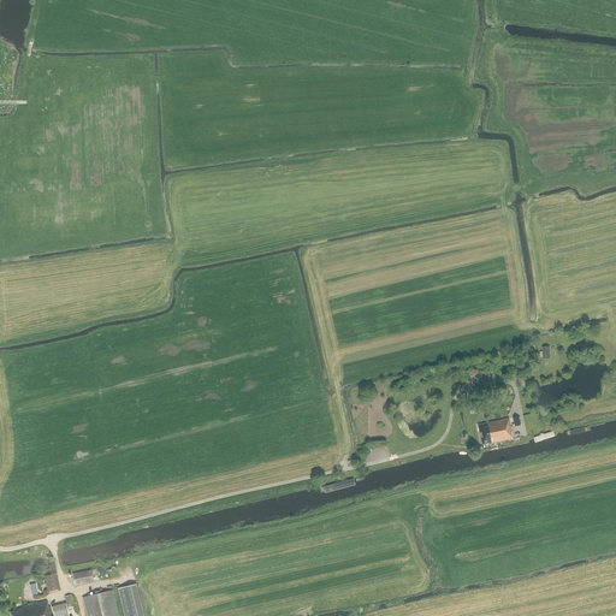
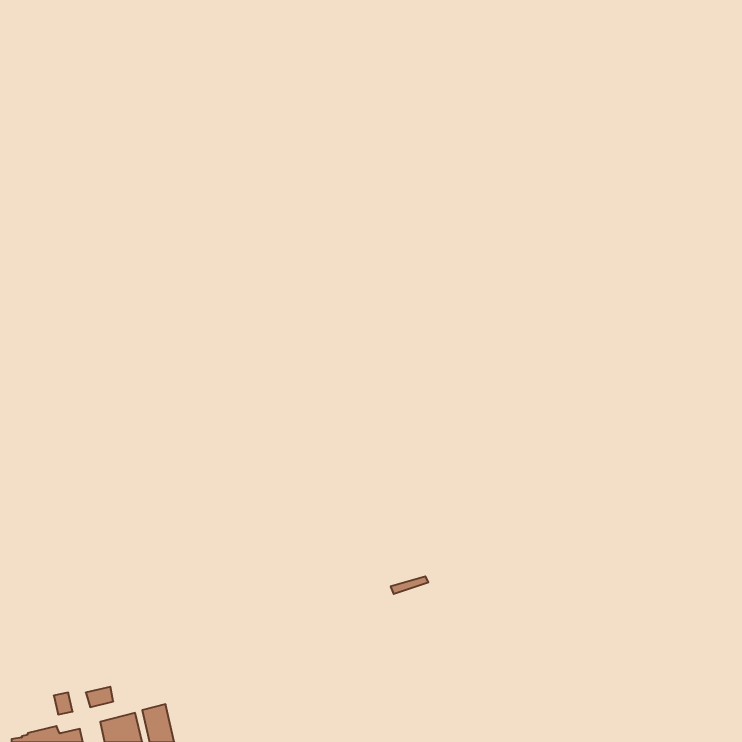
building: [478,419,513,444] -> none

